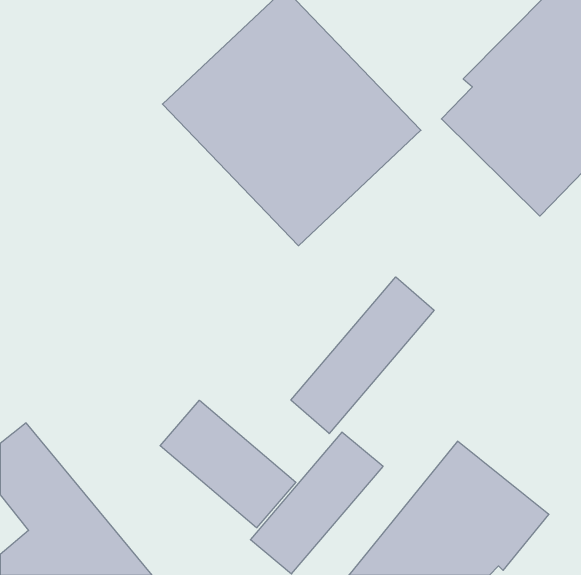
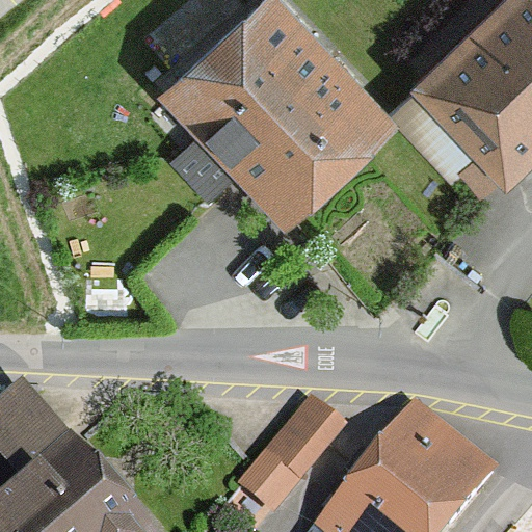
building: [291,277,434,434] -> none
building: [160,400,296,528] -> none

